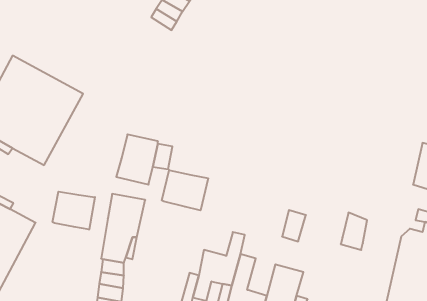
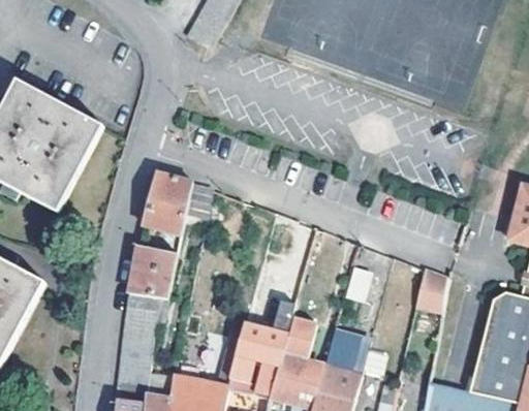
building: [162,170,208,210] -> none
building: [53,192,95,230] -> none

